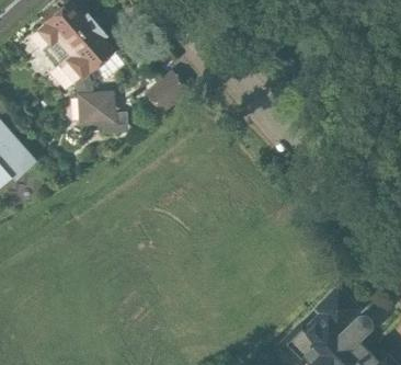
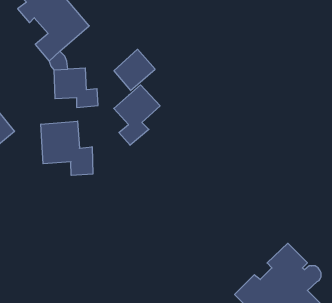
building: none -> [114,85,160,145]
building: none -> [41,121,93,175]

